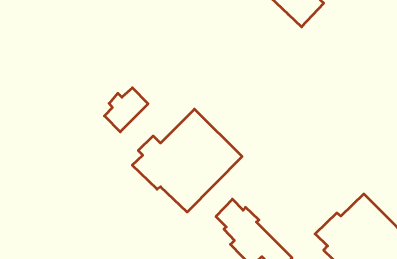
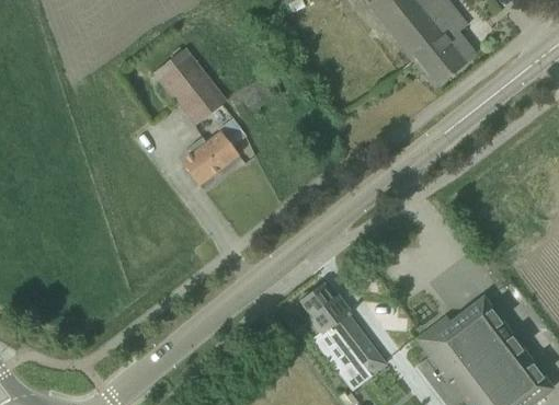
building: none -> [155,48,229,127]
building: [132,109,242,212] -> none

